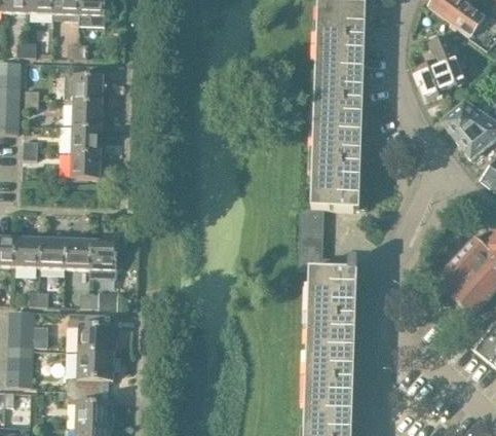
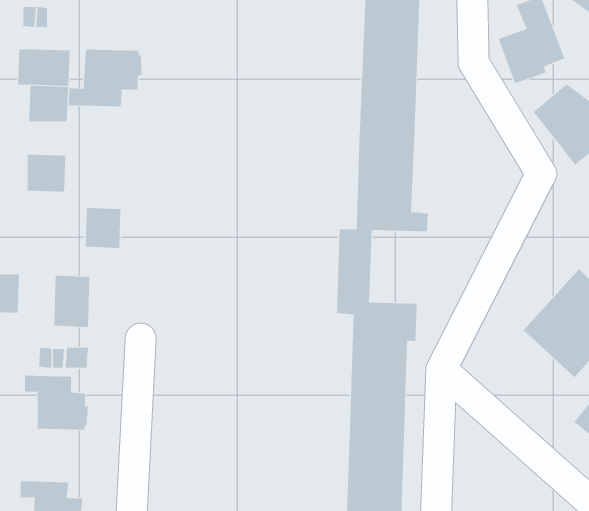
building: none -> [68,49,142,107]
building: [72,128,102,152] -> none
building: [66,239,92,277] -> [85,208,121,260]
building: [67,352,116,391] -> none

